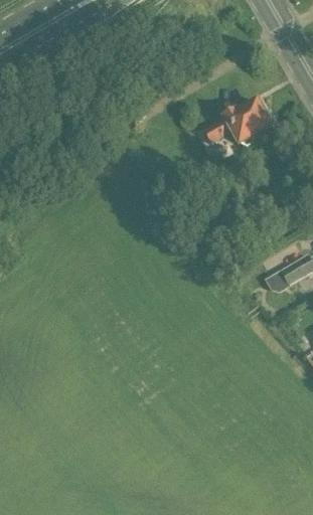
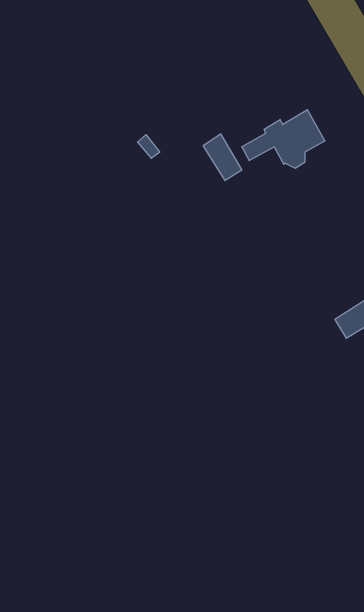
building: none -> [203,134,242,181]

